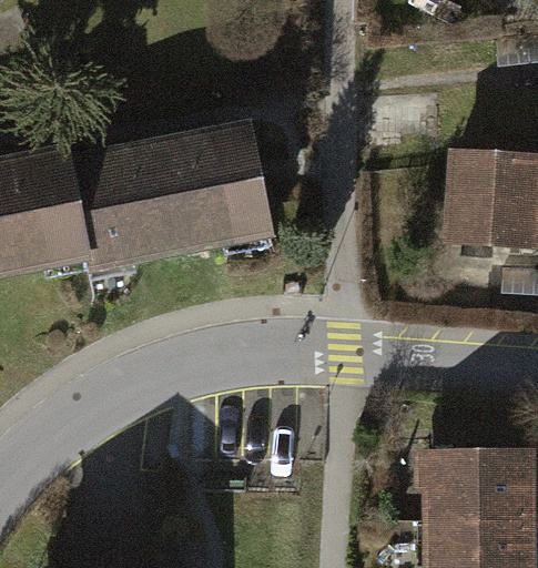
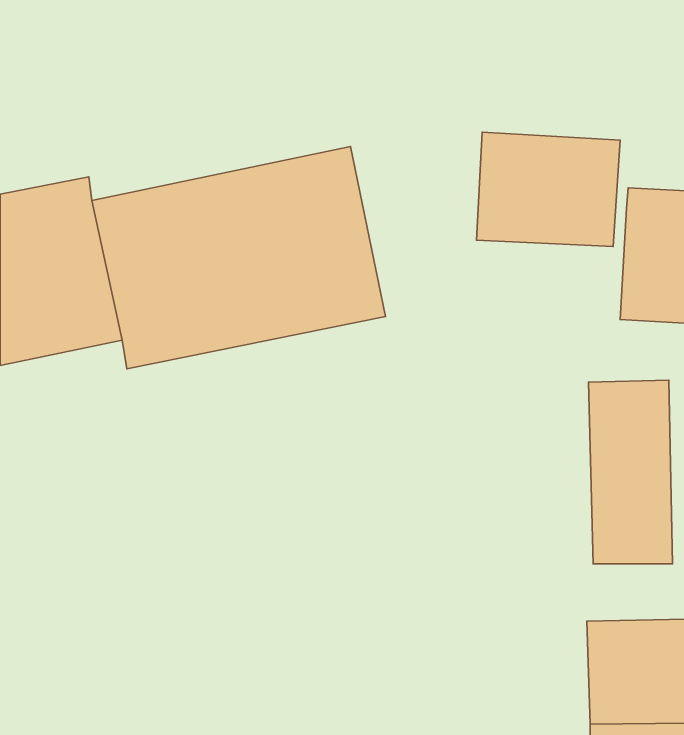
building: none -> [477,132,620,246]
building: none -> [589,380,672,564]

